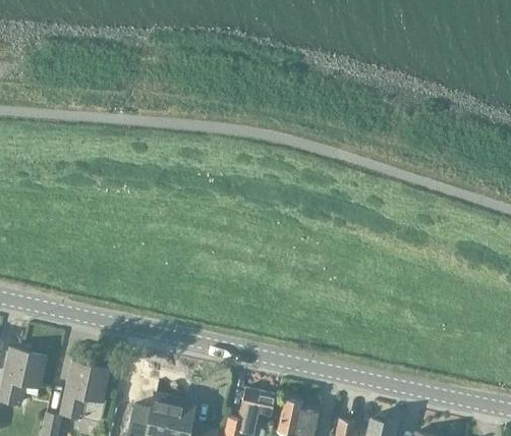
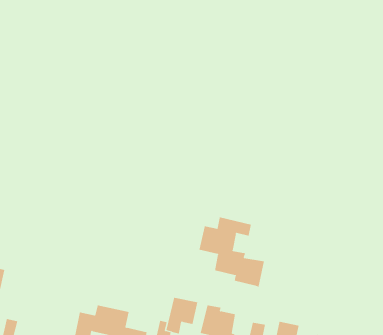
building: none -> [199,216,265,287]
building: [61,364,108,419] -> none

